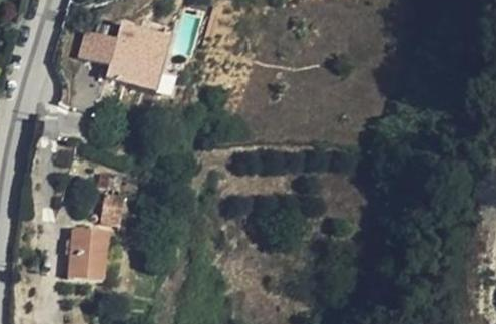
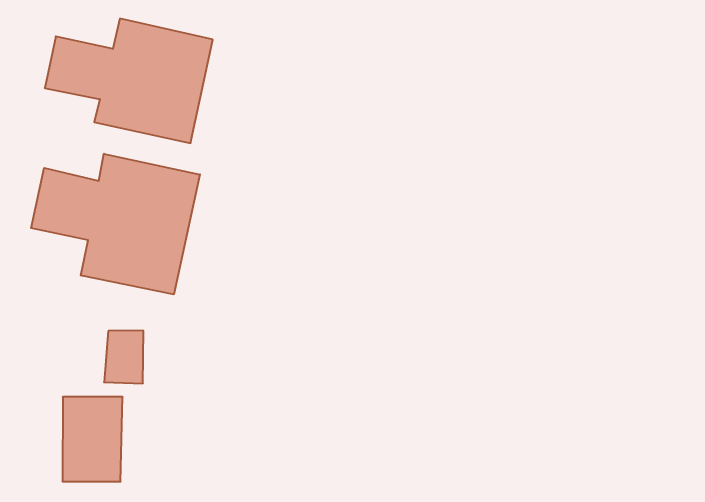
building: none -> [31,154,200,294]

